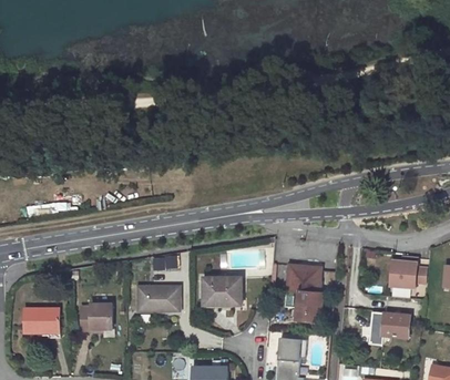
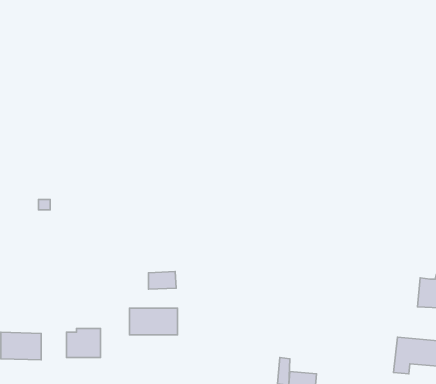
building: [285,265,323,321] -> none
building: [204,277,242,305] -> none

